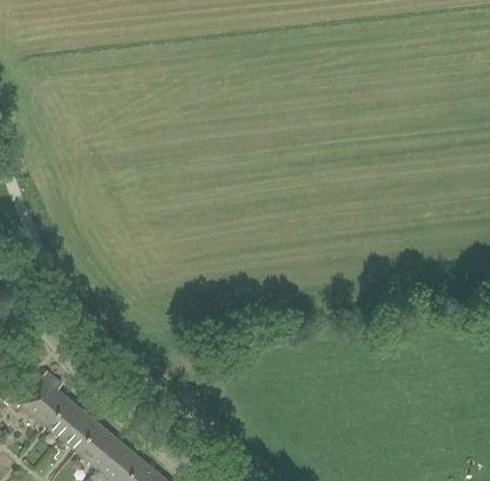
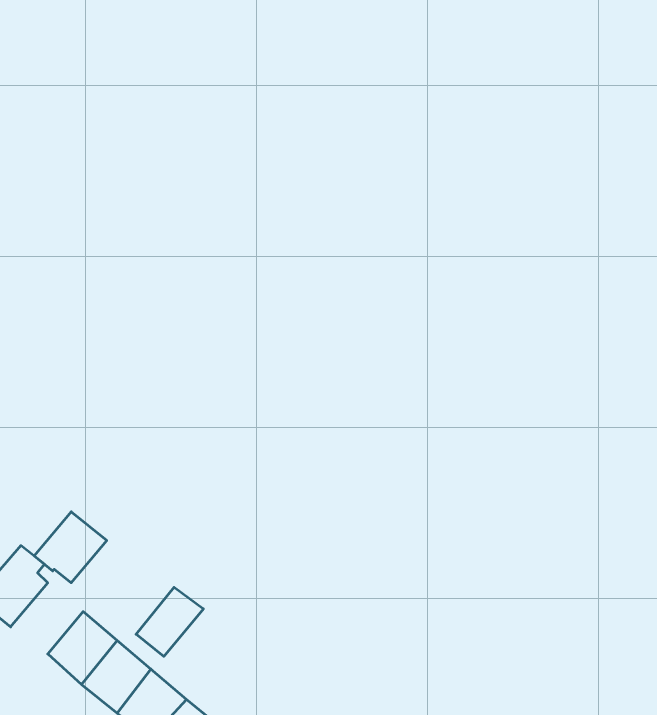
building: [45,398,89,442] -> [34,512,107,583]
building: none -> [136,587,203,656]

